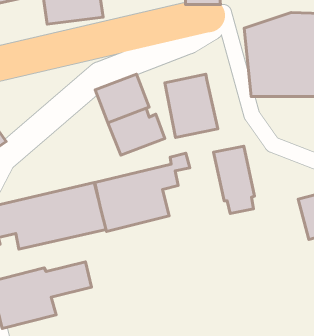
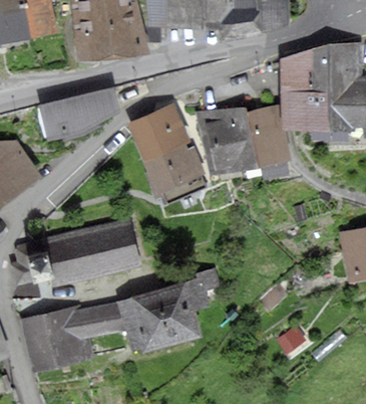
building: none -> [42,90,117,138]
building: [213,146,255,214] -> [246,107,288,176]
building: [95,153,190,232] -> [121,269,219,350]

